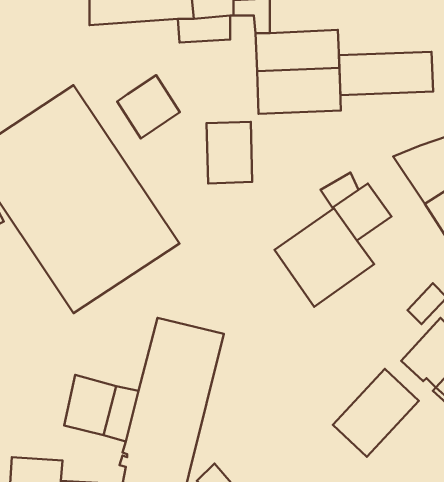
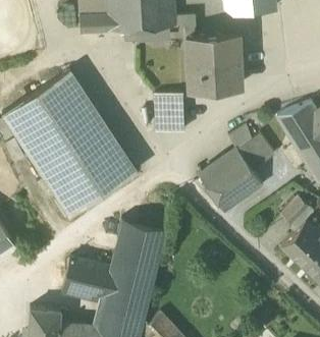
building: [339,52,433,95] -> none
building: [117,75,180,139] -> none
building: [333,369,419,457] -> none

